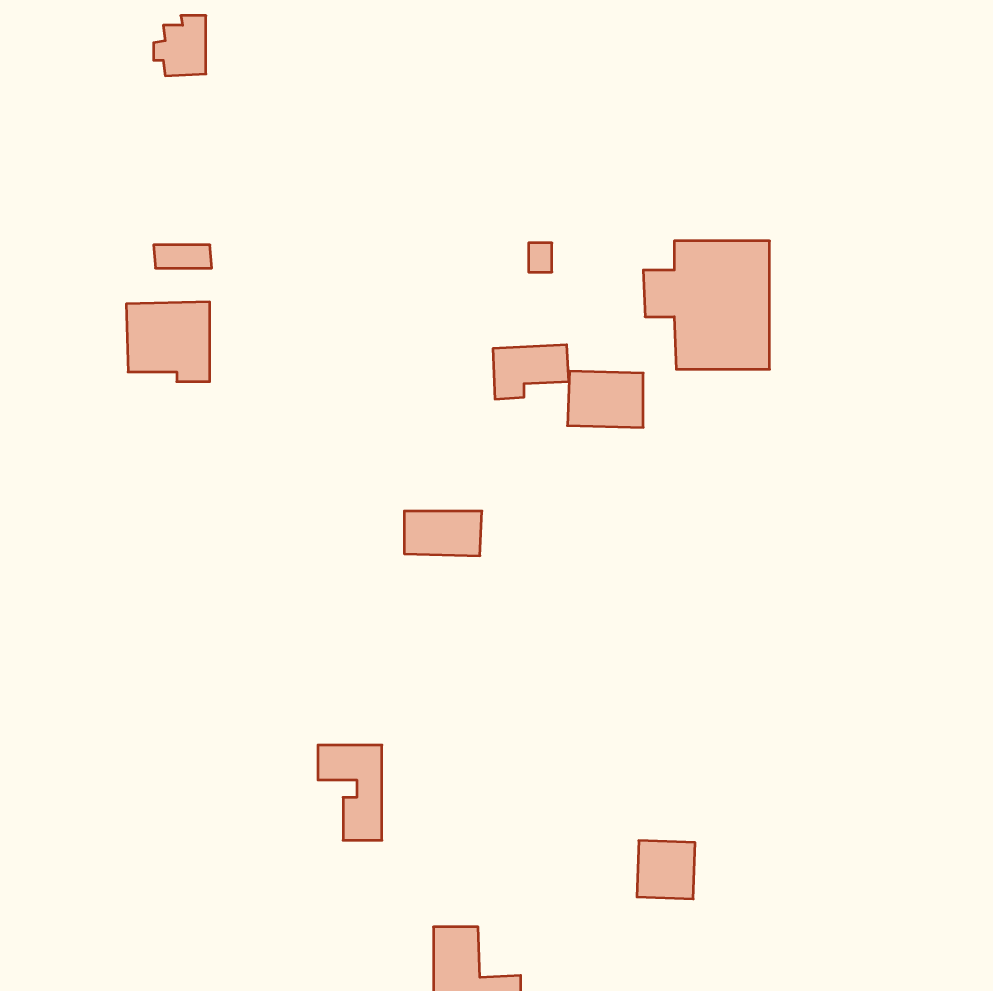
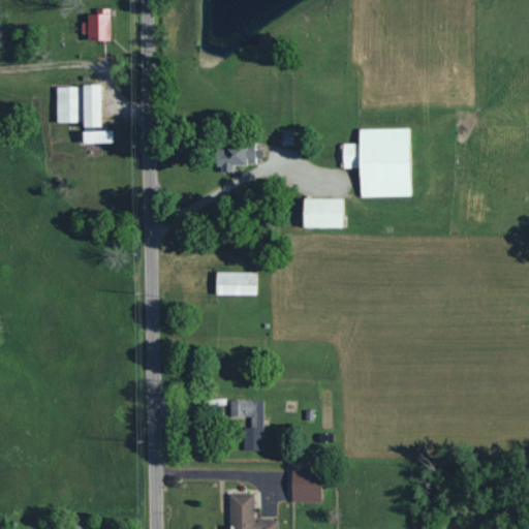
building: [126,302,210,382] -> [56,86,100,128]
building: [493,345,569,399] -> [216,145,256,174]
building: [318,745,382,840] -> [229,401,263,452]
building: [637,841,695,899] -> [290,471,321,502]

